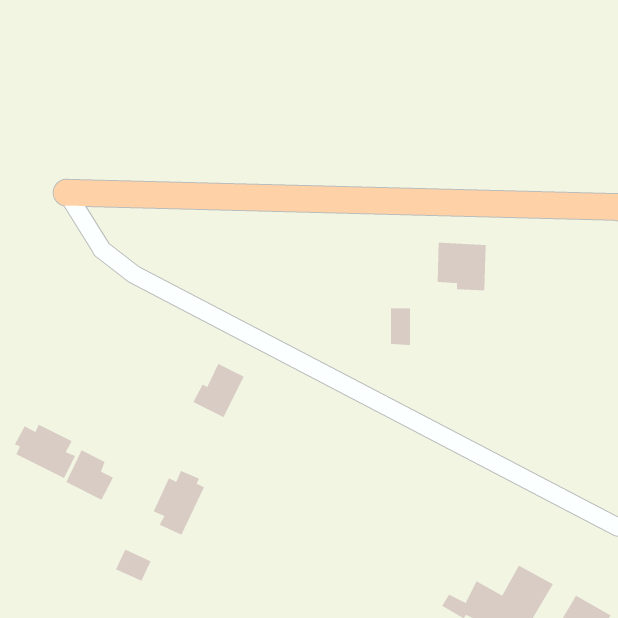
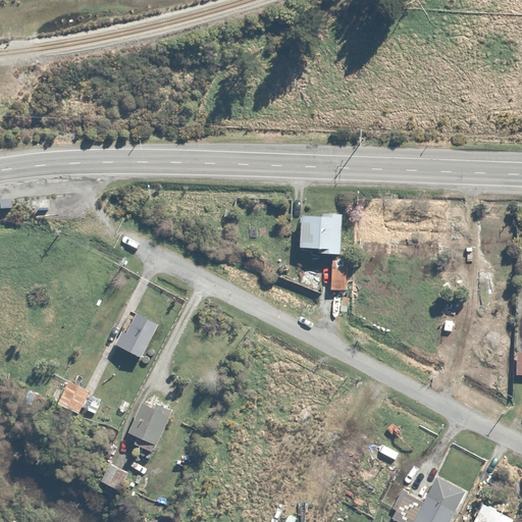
building: [437,242,486,291] -> [298,216,340,257]
building: [192,363,244,418] -> [115,312,159,358]
building: [14,424,76,479] -> none

